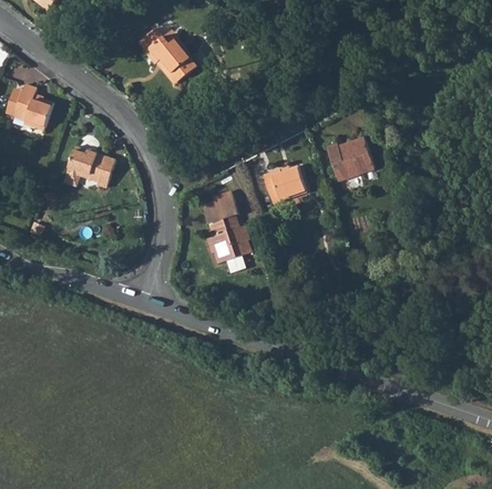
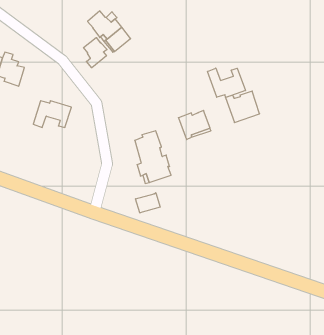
building: none -> [84,38,107,68]
building: none -> [208,68,245,97]
building: none -> [136,193,160,213]

